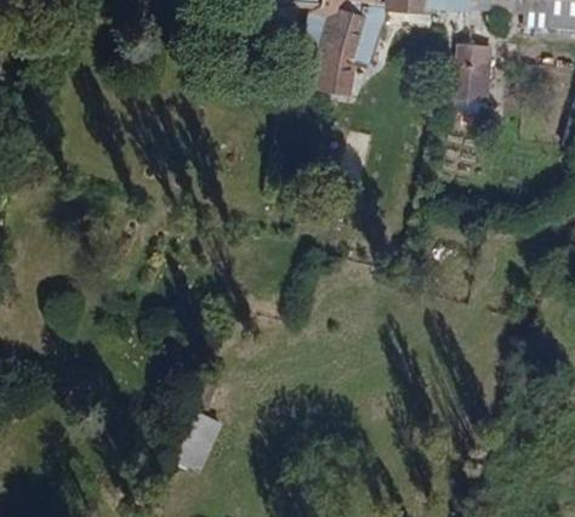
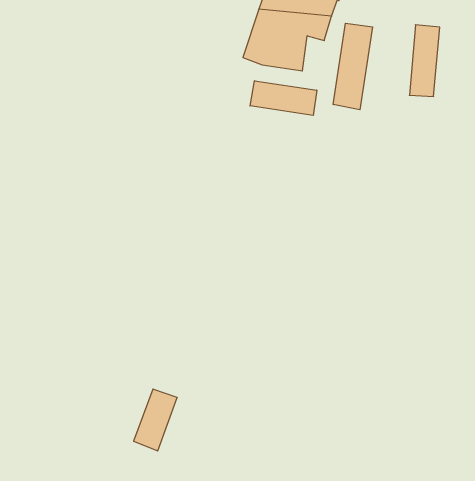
building: none -> [333,23,372,110]
building: none -> [250,81,317,115]

